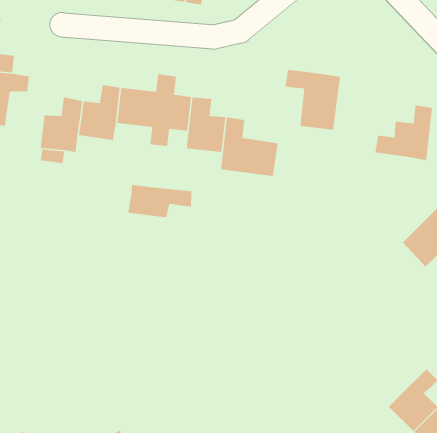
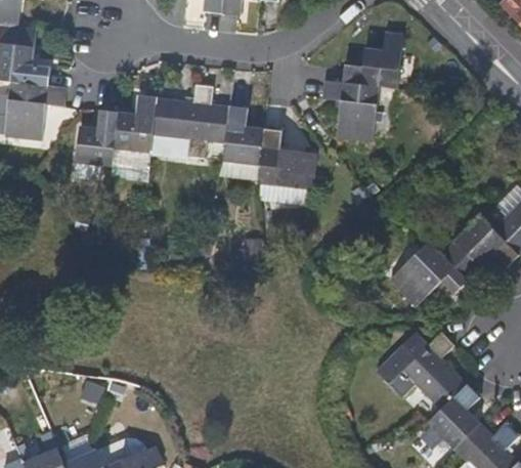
building: [375,105,433,161] -> [344,33,403,90]
building: [127,184,192,218] -> none
building: none -> [389,242,466,307]
building: none -> [376,333,467,410]

